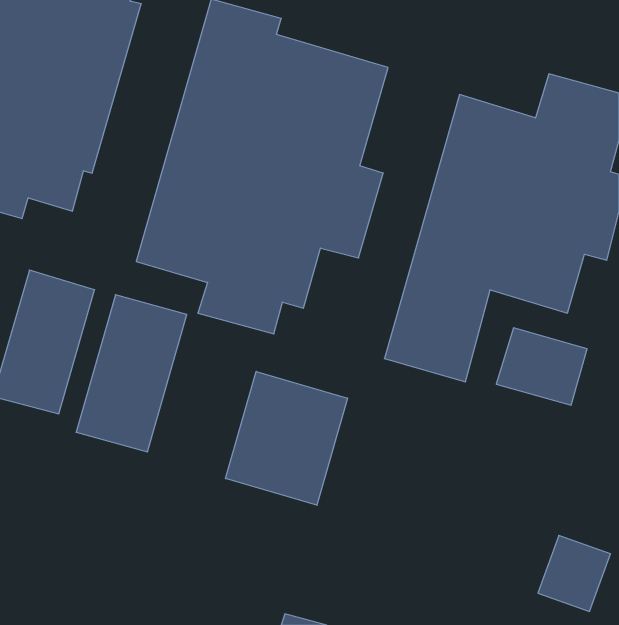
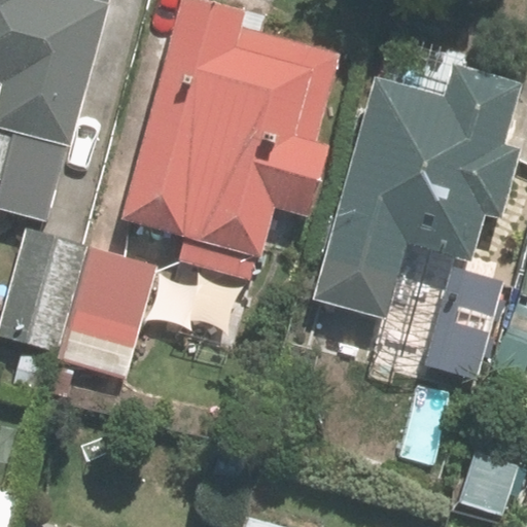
building: [226,371,348,505] -> none

